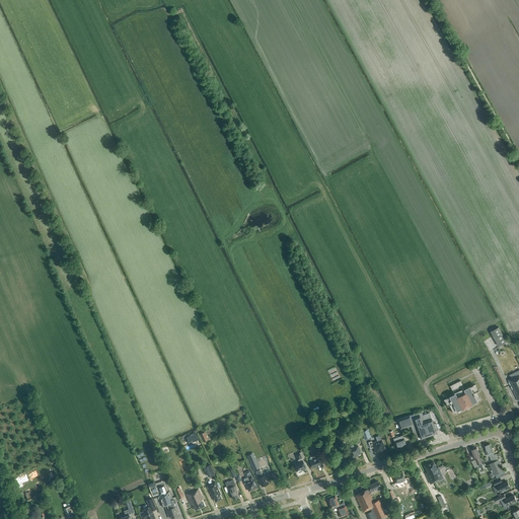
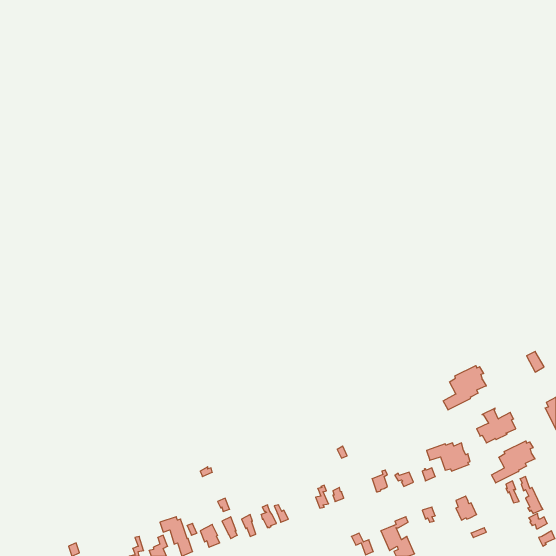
building: none -> [443,366,486,410]
building: none -> [492,441,535,483]

